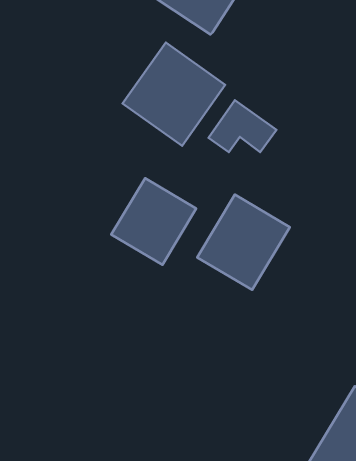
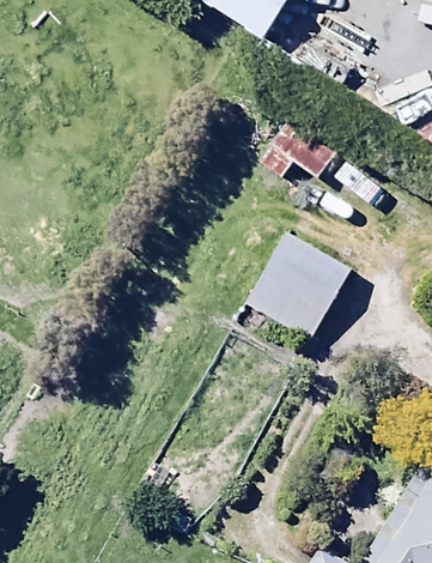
building: [123,43,225,146] -> none
building: [111,178,196,265] -> none

